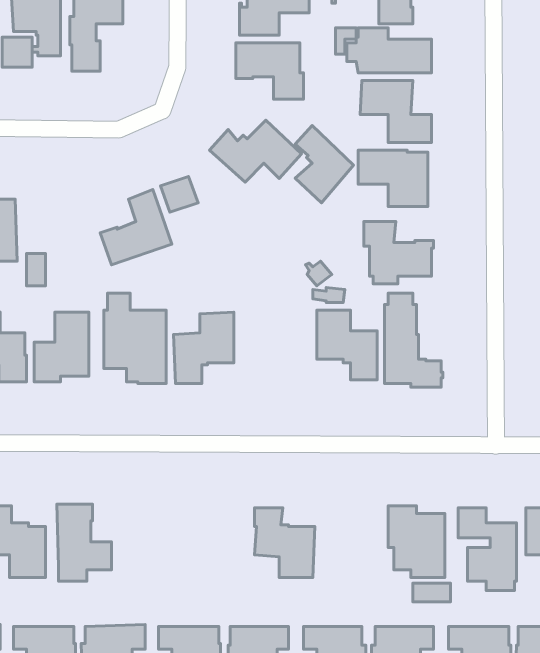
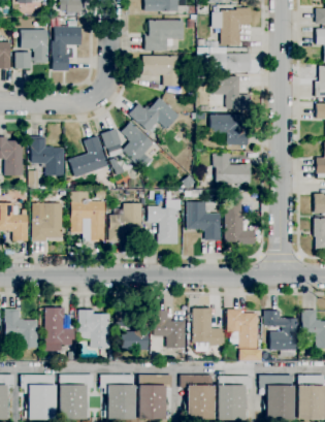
building: [295,126,353,203] -> [122,122,154,164]
building: none -> [32,137,65,175]
building: none -> [149,200,182,244]
building: none -> [193,309,226,352]
building: none -> [79,311,109,349]
building: none -> [123,311,149,350]

